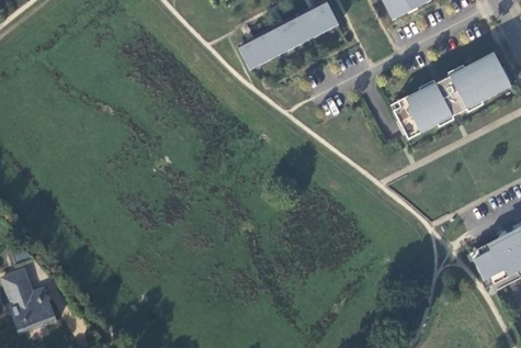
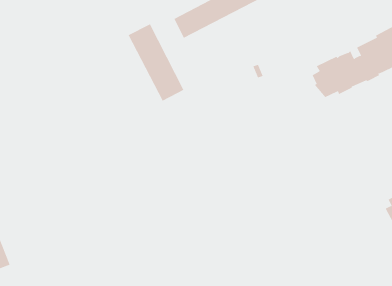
building: none -> [128,24,184,102]

